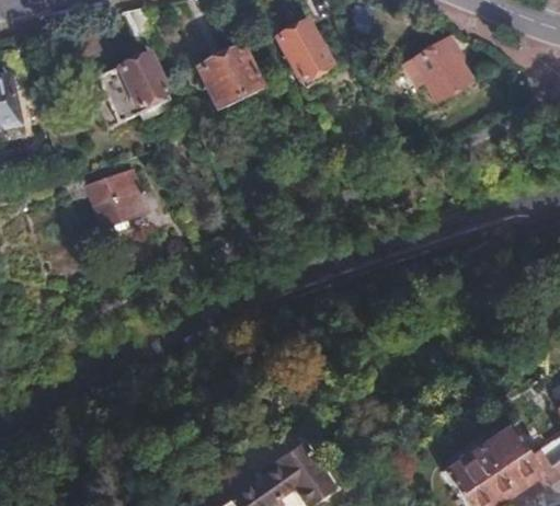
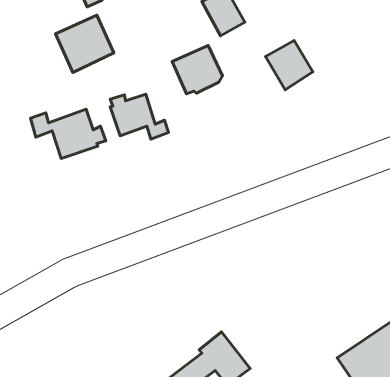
building: [411,41,469,101] -> [265,40,313,90]
building: [199,46,261,105] -> [172,45,222,94]
building: none -> [110,94,169,139]

